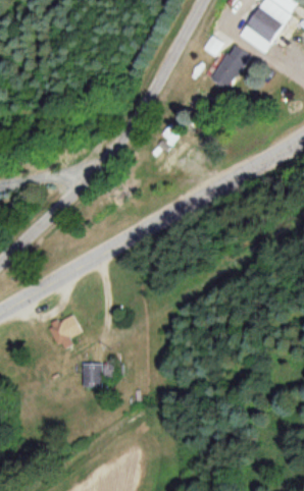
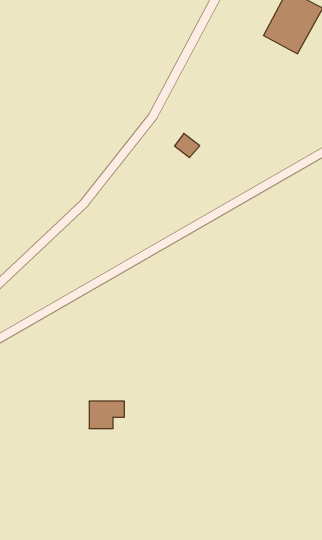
building: [211,44,251,88] -> none
building: [46,313,82,345] -> none

